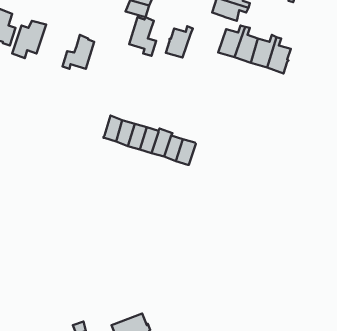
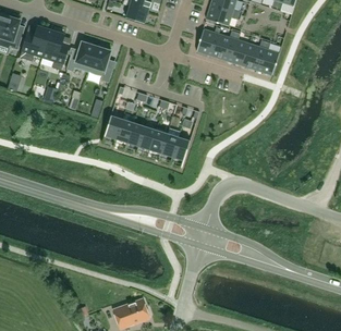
building: [129,17,156,56] -> [87,45,112,81]
building: none -> [41,28,69,69]
building: [166,26,193,58] -> [195,25,220,54]

